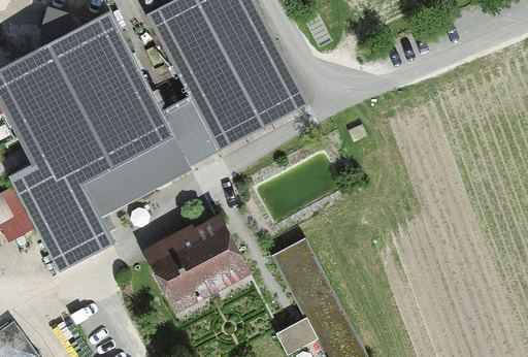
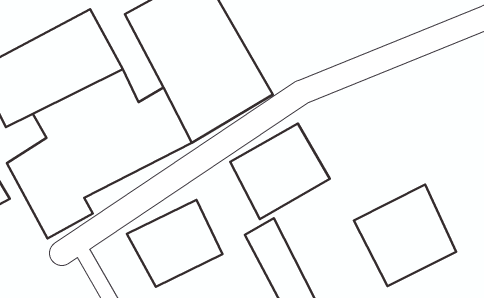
building: none -> [230,123,330,219]
building: none -> [354,184,456,286]

